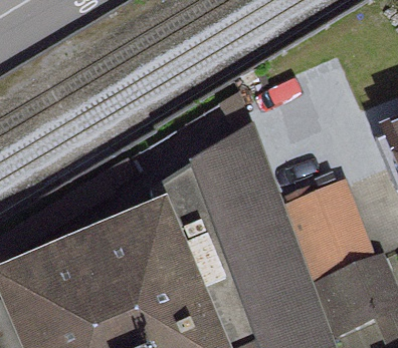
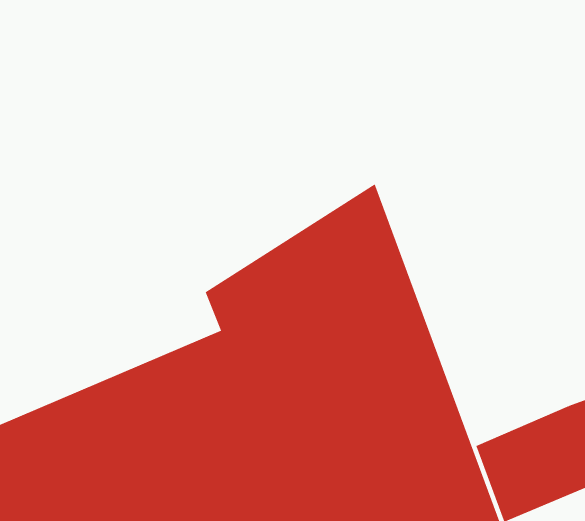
building: [283,187,368,286] -> none

